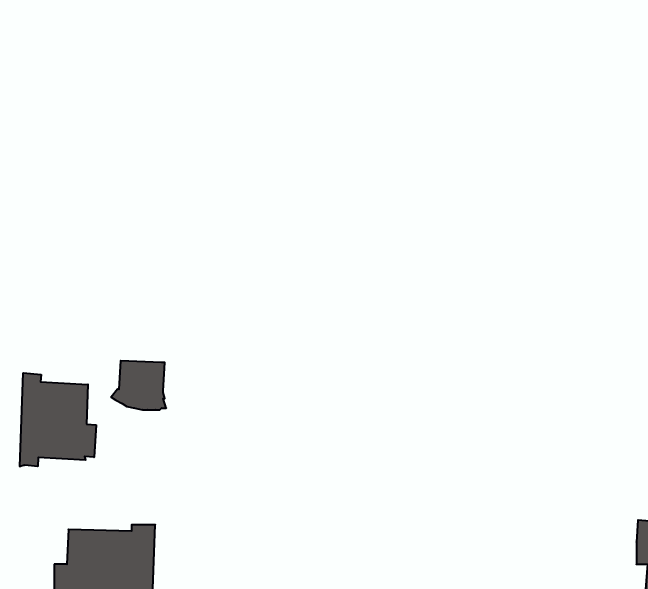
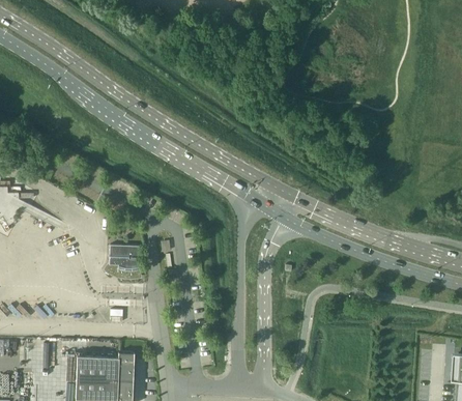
building: [20,373,96,467] -> none

